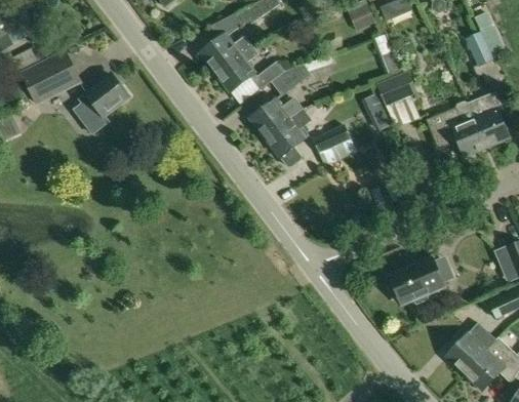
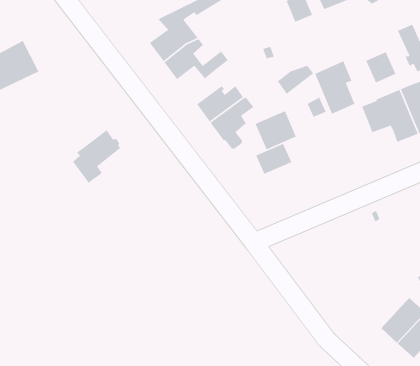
building: none -> [365,51,397,84]
building: [271,65,311,96] -> [277,65,314,95]
building: [75,75,127,133] -> [72,129,121,184]
building: none -> [255,143,292,175]
building: [389,257,444,305] -> none

